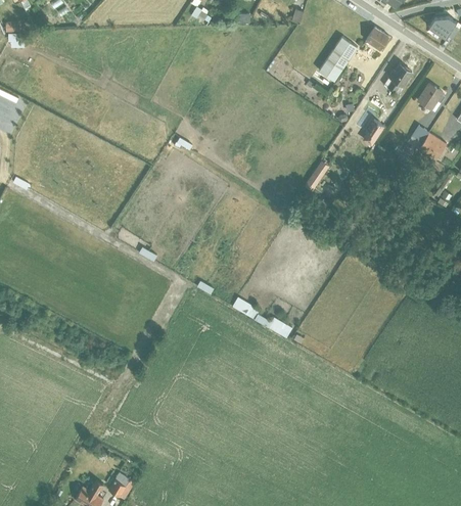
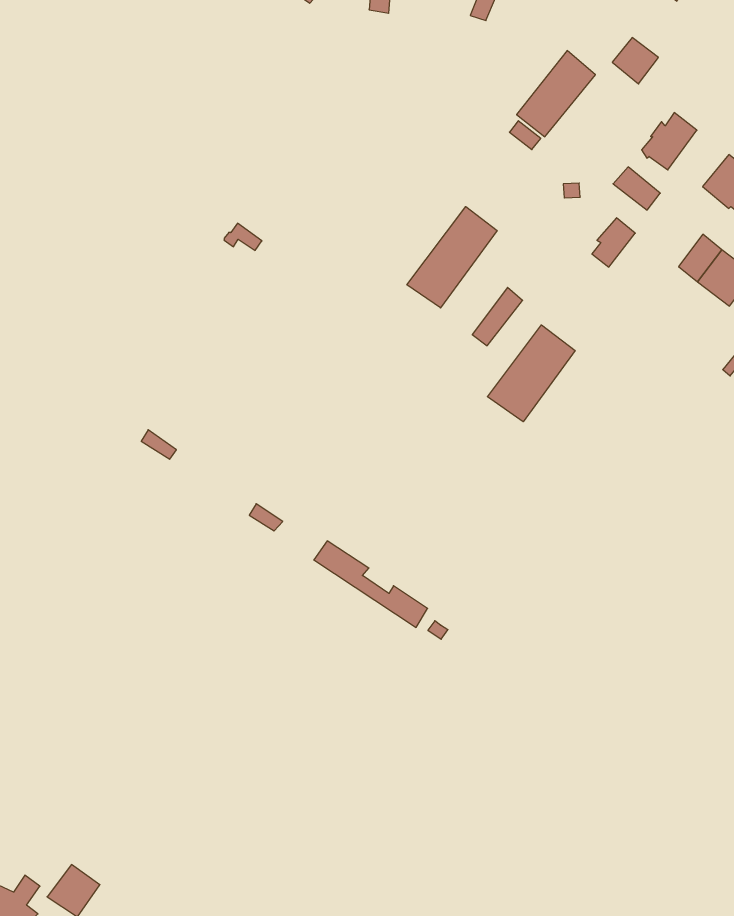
building: none -> [407,207,497,308]
building: none -> [487,325,575,422]

